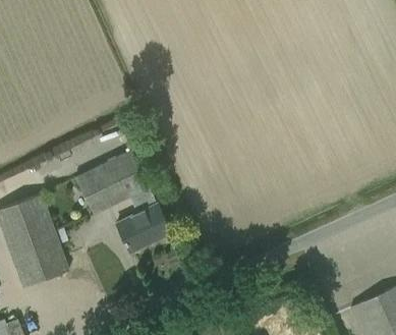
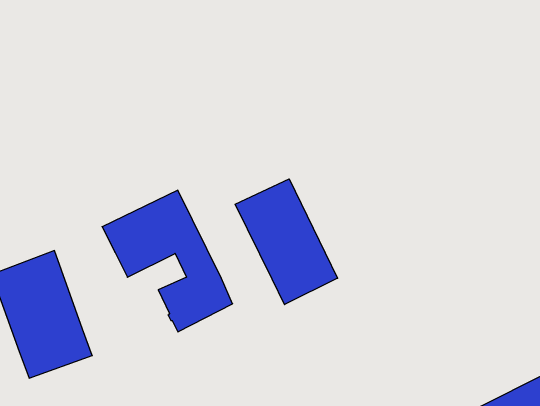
building: none -> [235,179,338,305]

